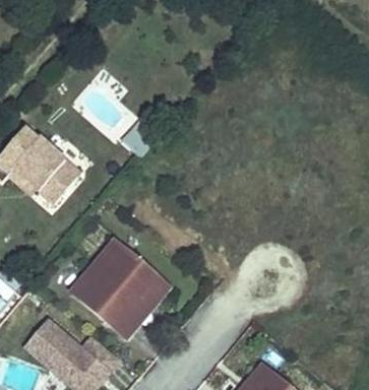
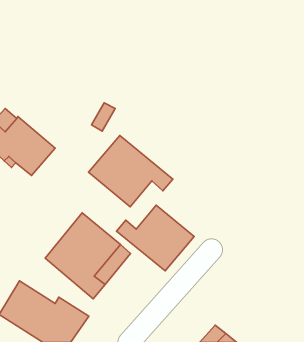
building: none -> [88,135,173,207]
building: none -> [117,205,194,271]

